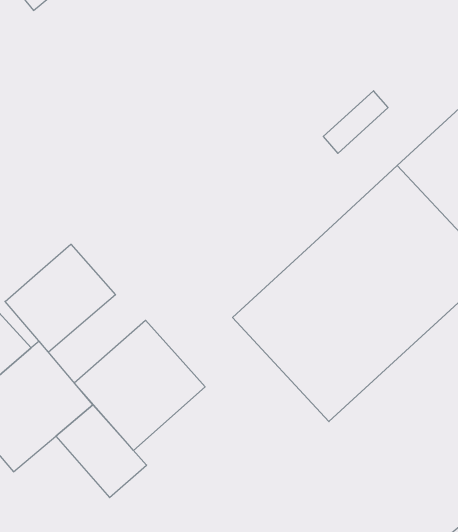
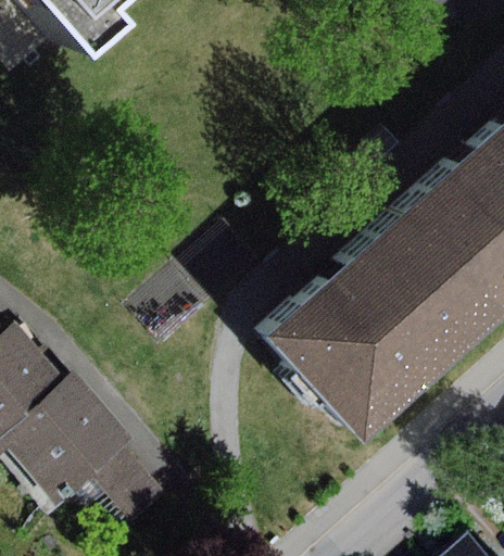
building: [5,244,115,352] -> none
building: [74,320,205,450] -> none

